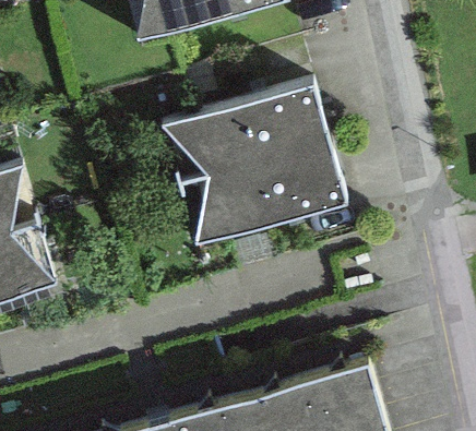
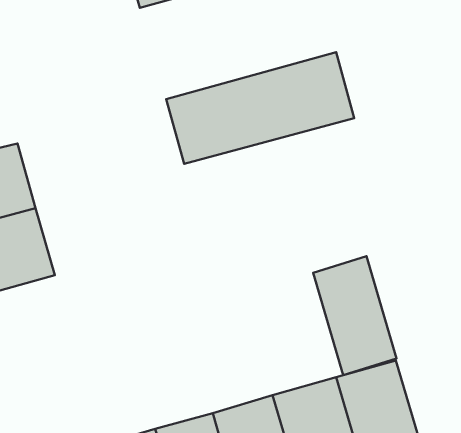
building: [175,143,346,247] -> none
building: none -> [313,256,397,375]

